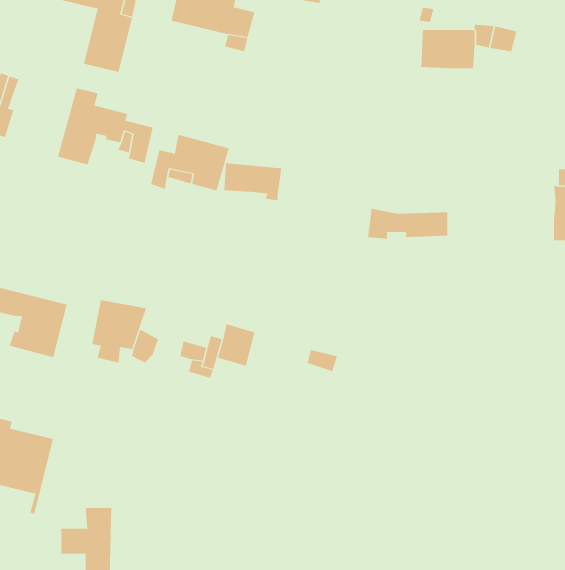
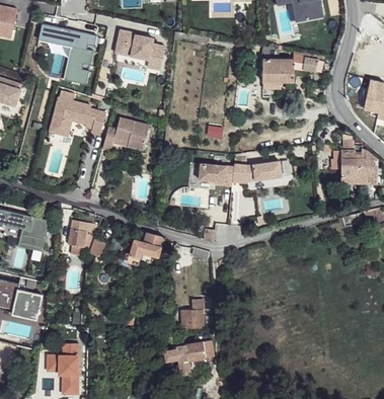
building: [224,163,282,201] -> [197,162,231,184]
building: none -> [168,298,204,325]
building: none -> [166,338,215,372]

